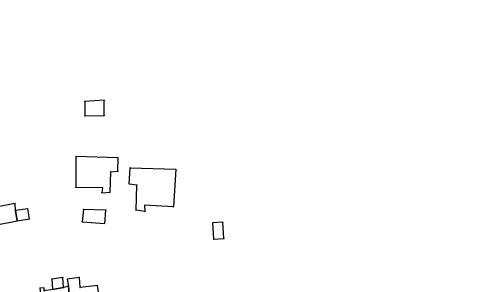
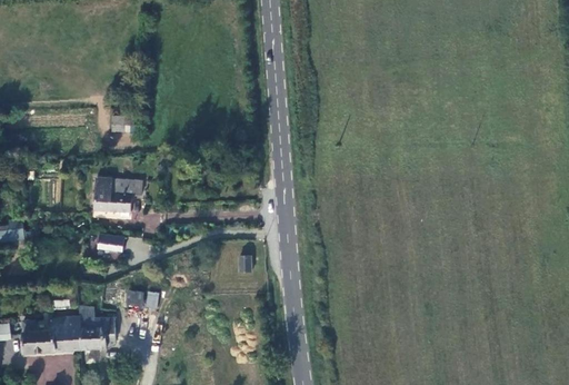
building: [129,168,176,212] -> none
building: none -> [123,292,157,310]

